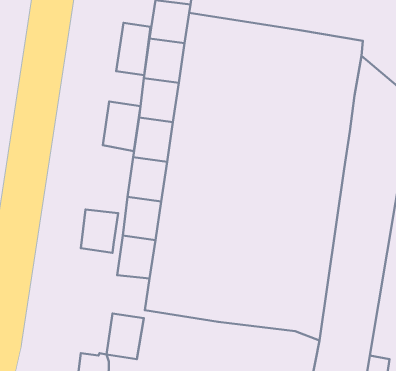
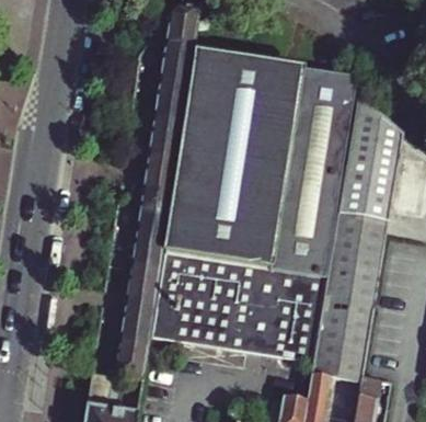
building: [116,23,150,75] -> none
building: [103,101,141,151] -> none
building: [81,210,118,253] -> [122,298,157,339]

